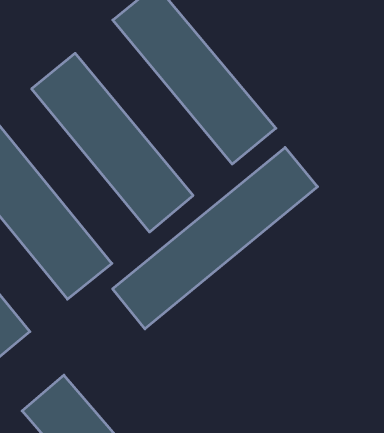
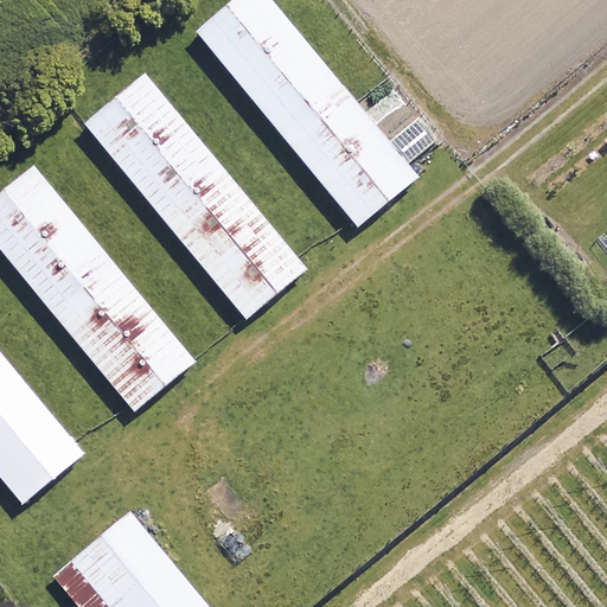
building: [113,147,318,329] -> none

